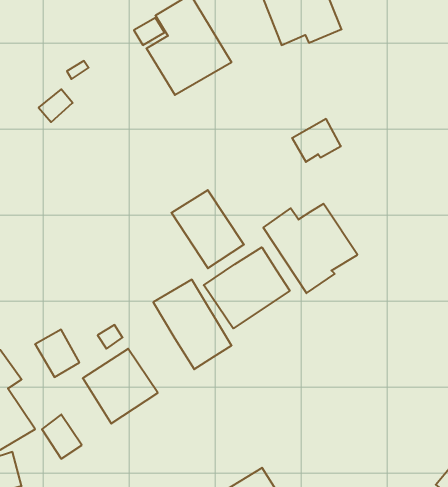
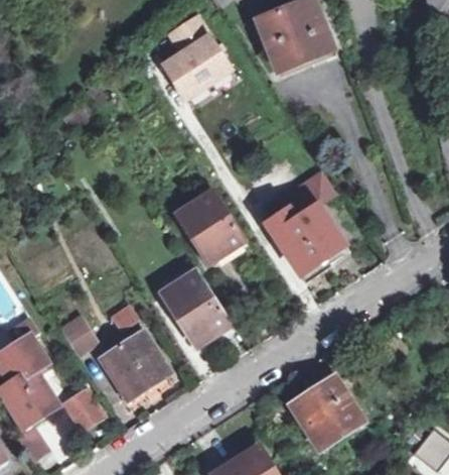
building: [292,119,341,162] -> [292,171,335,210]
building: [204,247,290,328] -> none
building: none -> [293,378,362,446]

